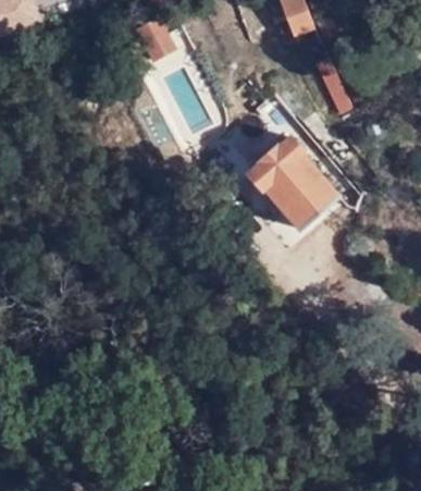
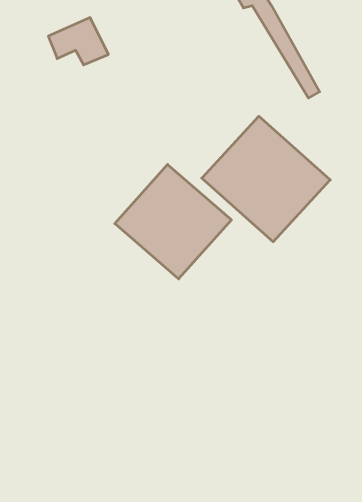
building: none -> [115,164,231,279]

